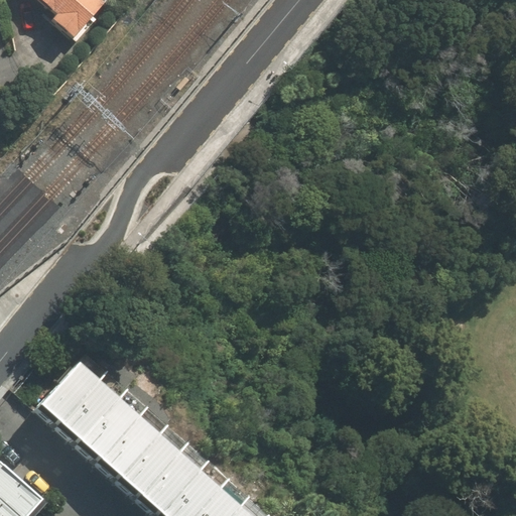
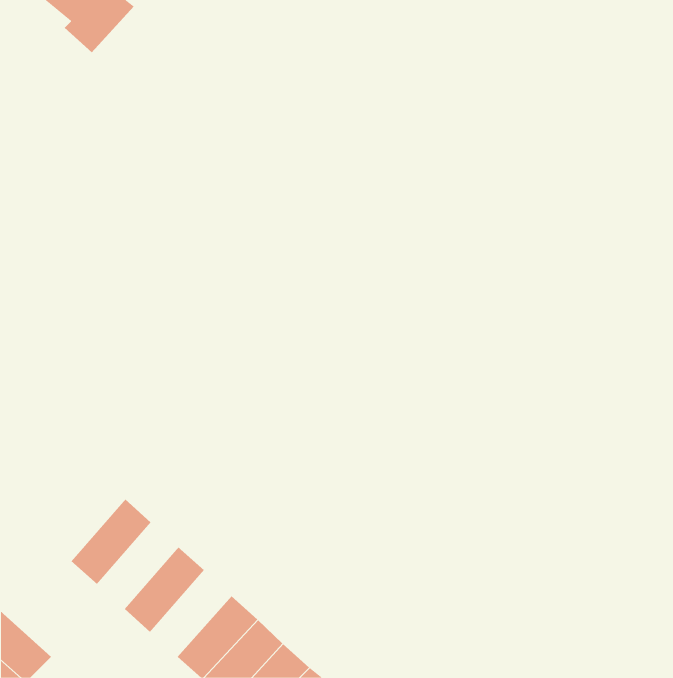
building: [38,360,100,425] -> none
building: [79,396,140,462] -> none
building: [119,432,180,498] -> none

